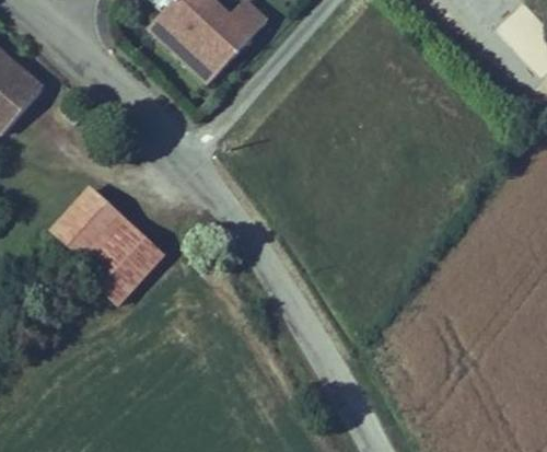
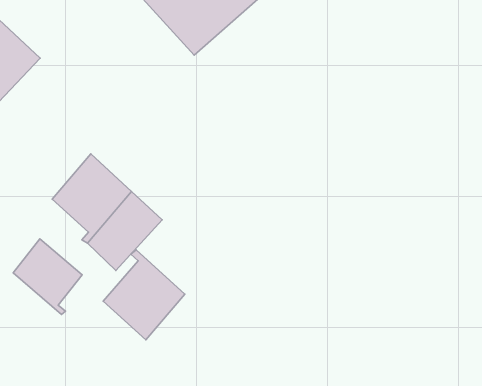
building: none -> [13,239,82,314]
building: none -> [103,250,185,340]

